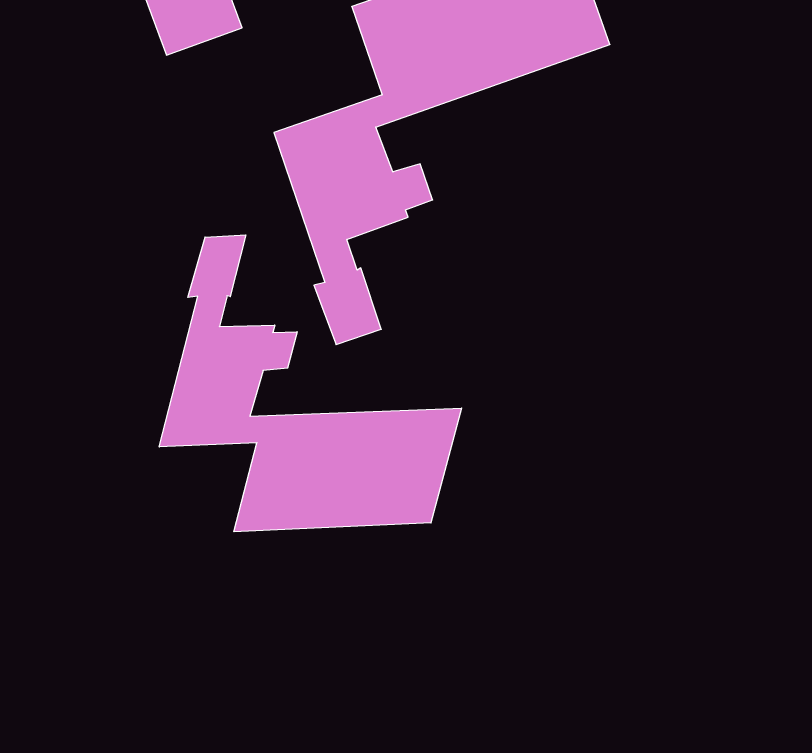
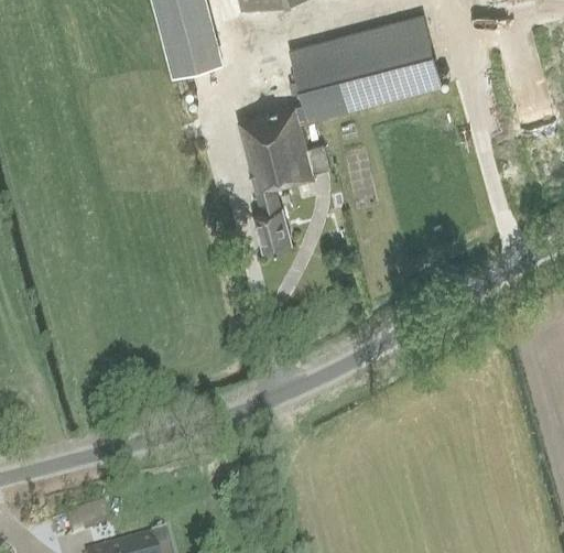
building: [159,235,462,532] -> none

